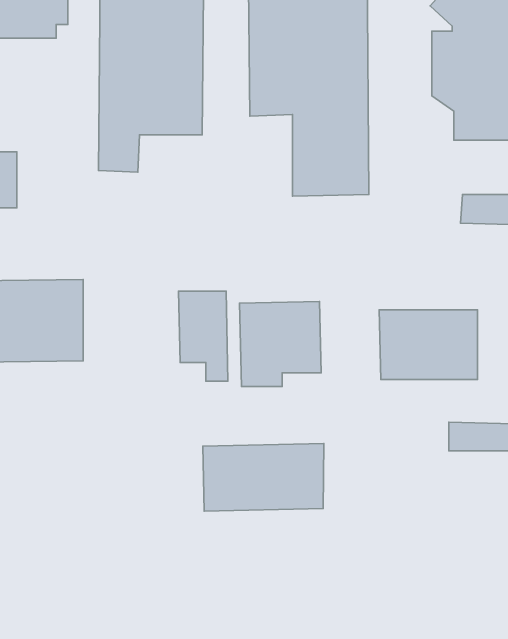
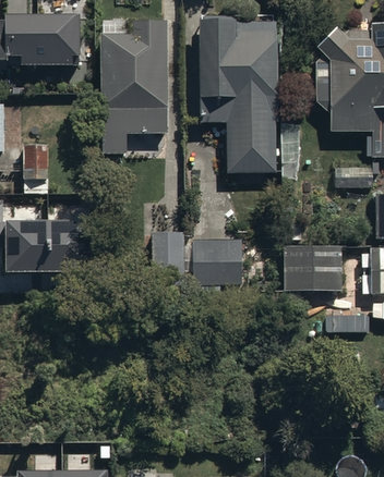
building: [203,444,324,511] -> none

